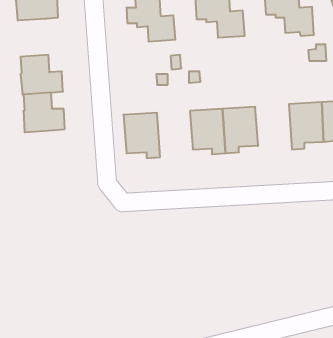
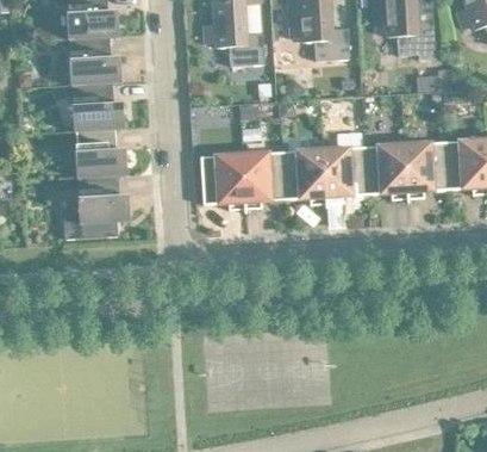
building: none -> [69,37,121,85]
building: none -> [362,143,407,200]
building: none -> [241,151,285,209]
building: none -> [62,175,130,239]

